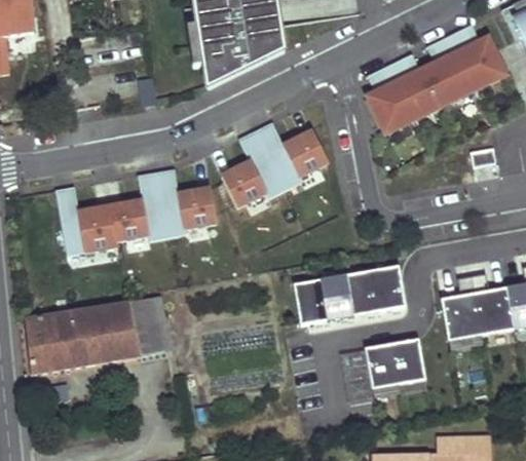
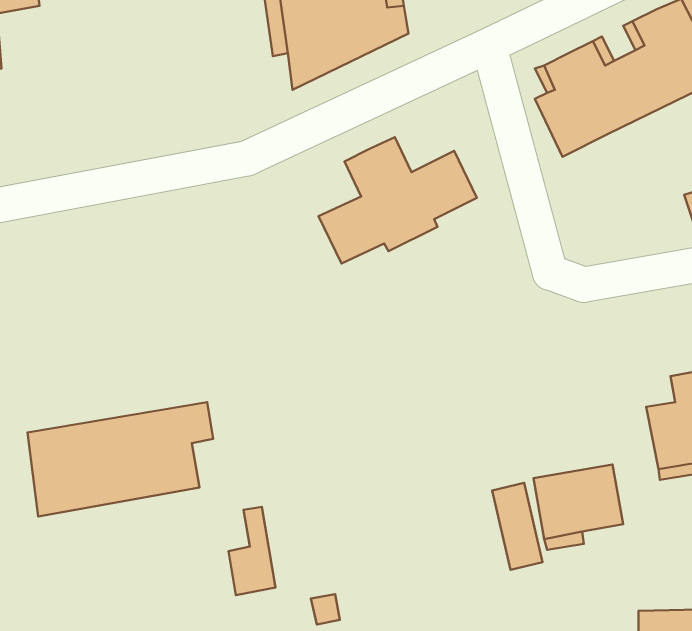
building: [57,165,217,253] -> none
building: [295,267,407,326] -> none
building: [137,296,168,355] -> [228,507,276,595]

